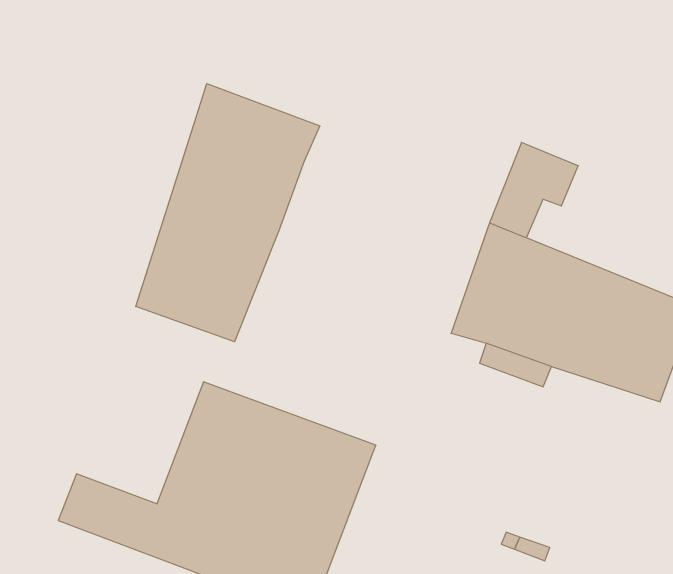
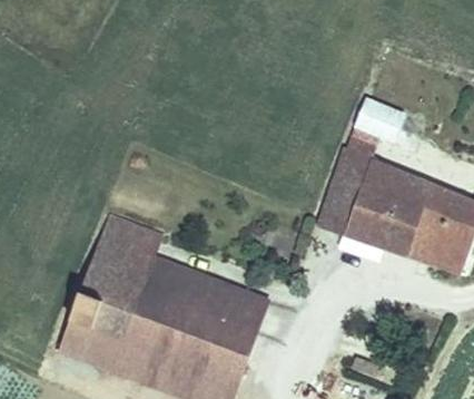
building: [136,84,320,342] -> none
building: none -> [71,214,164,338]

